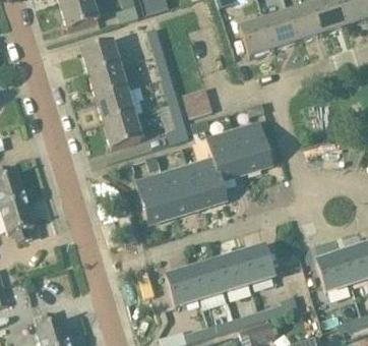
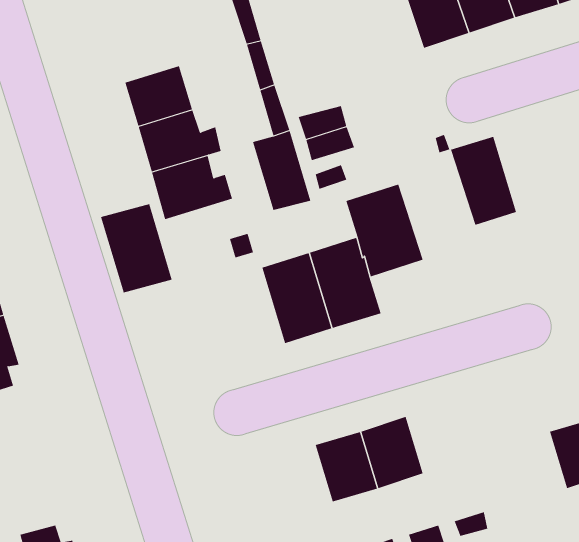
building: [81,40,119,74] -> none
building: [236,121,271,169] -> [450,136,517,226]
building: [136,173,175,221] -> [100,204,173,293]
building: [240,245,274,283] -> none
building: [166,268,200,306] -> none

